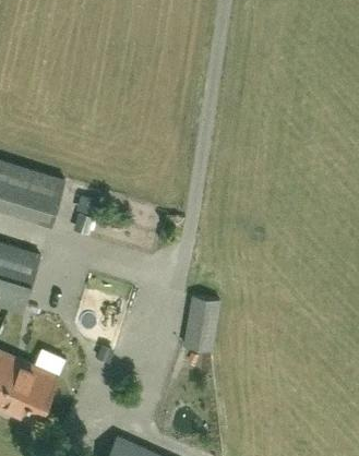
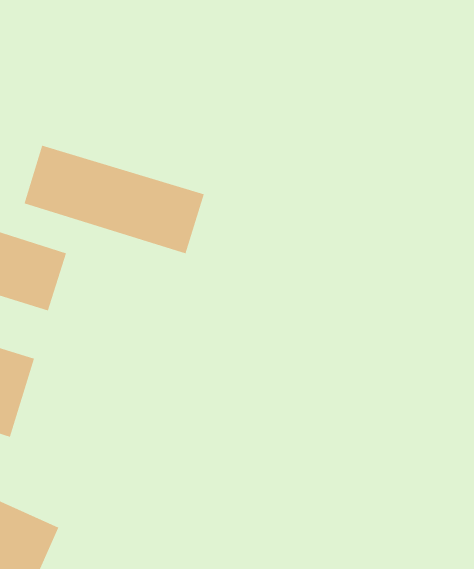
building: none -> [24,145,205,254]
building: [184,298,219,352] -> none

